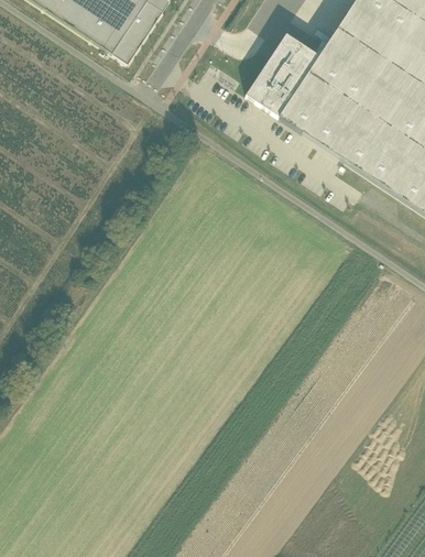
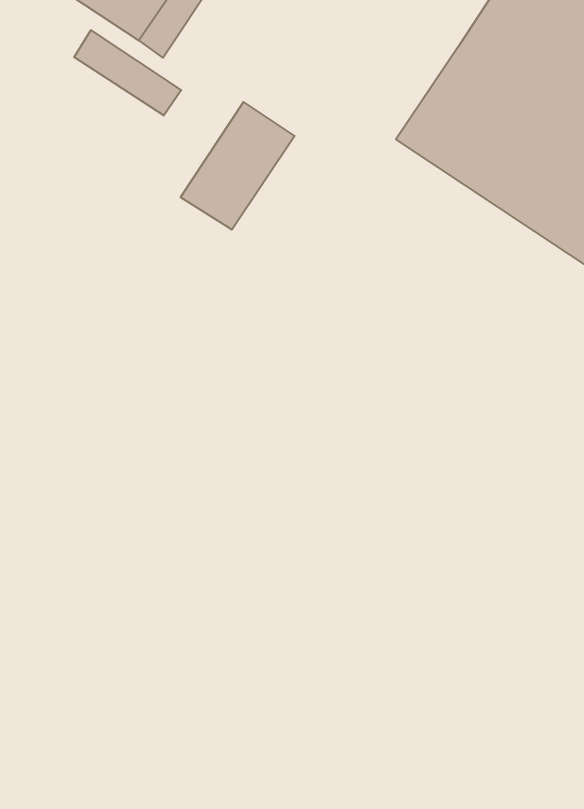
building: [246,32,319,114] -> [181,102,295,230]
building: none -> [74,30,181,116]

